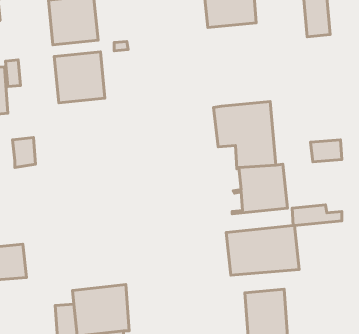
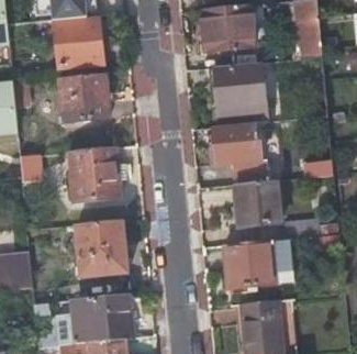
building: none -> [208,63,267,125]
building: none -> [69,147,121,201]
building: none -> [76,221,126,277]

